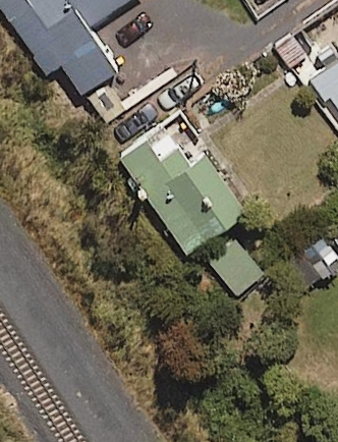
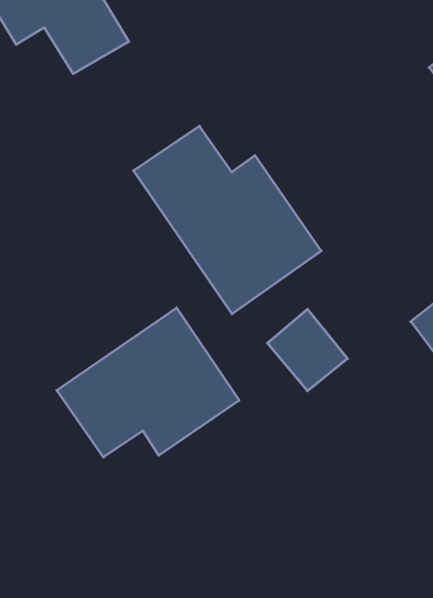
building: none -> [57,308,239,457]

